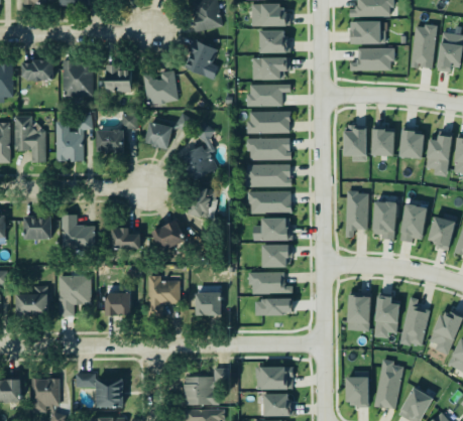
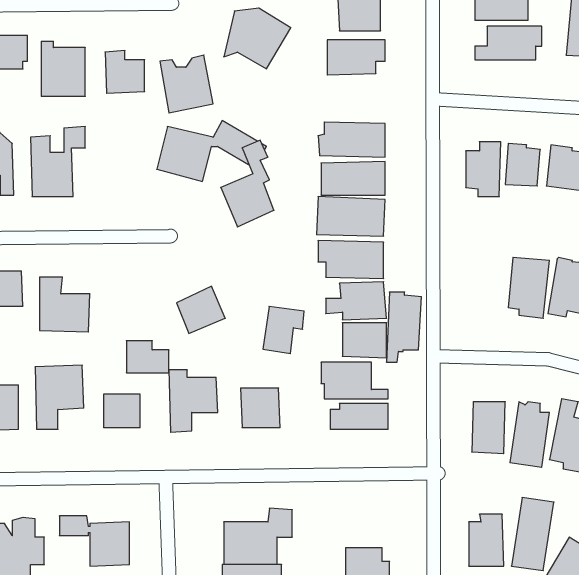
building: [245,85,290,107] -> none
building: [97,114,137,153] -> none
building: [190,186,217,218] -> [263,306,304,354]
building: [344,189,367,236] -> [386,292,421,362]
building: [110,227,138,248] -> [126,341,169,373]
building: [256,367,293,389] -> none

